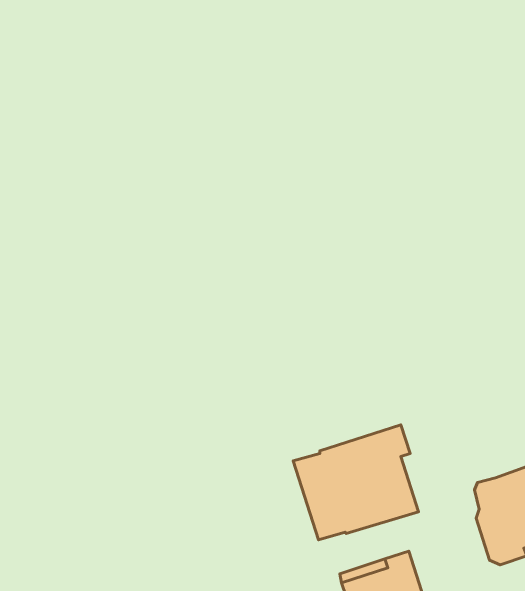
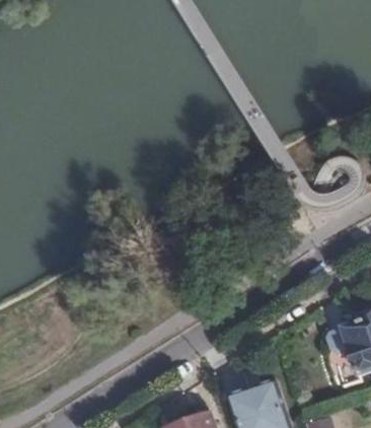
building: [293,425,419,540] -> none

